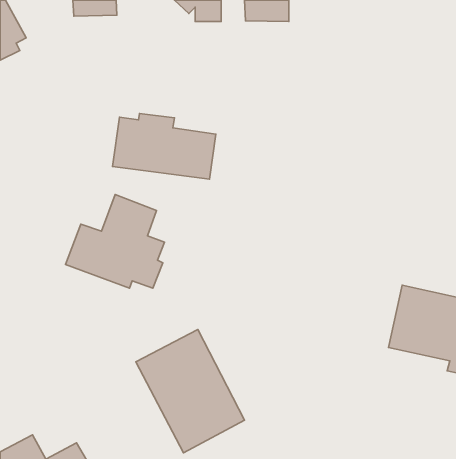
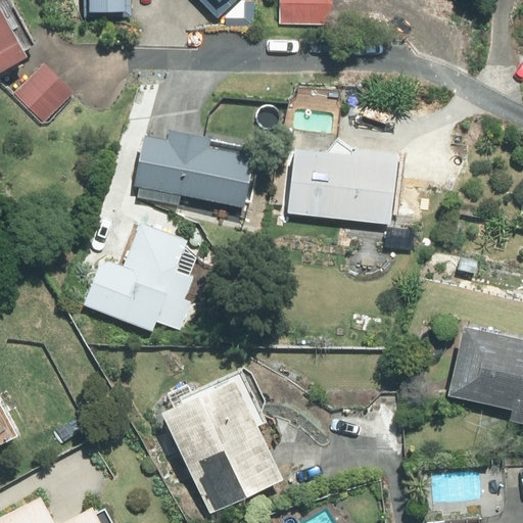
building: none -> [19,62,78,121]
building: none -> [288,147,399,224]

